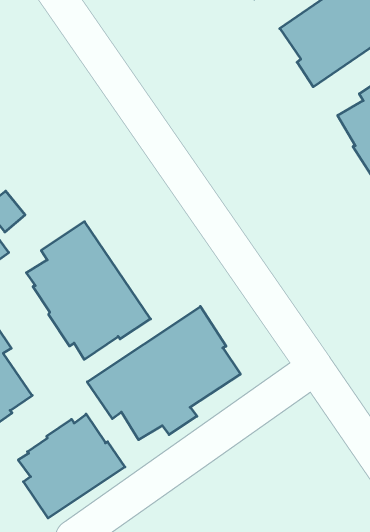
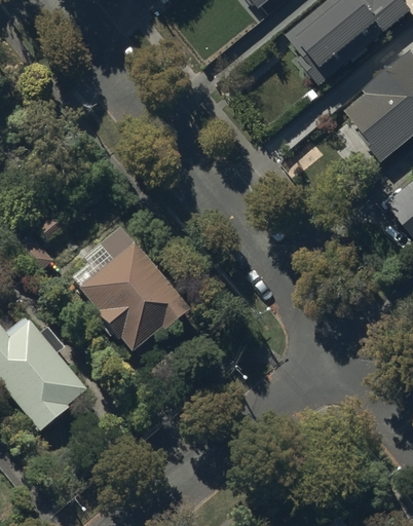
building: [87,306,240,440] -> none
building: [18,414,125,518] -> none

